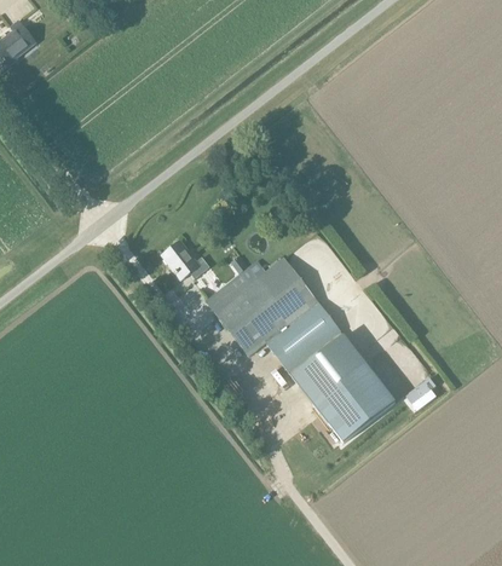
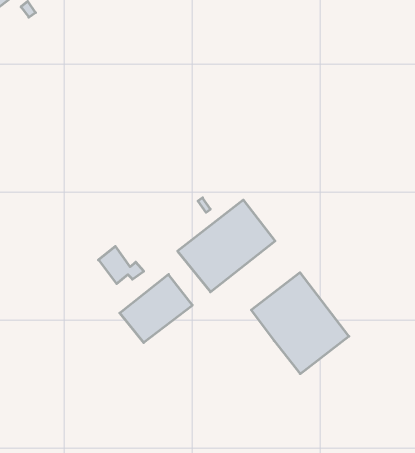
building: [161,238,209,278] -> [98,246,144,284]
building: [266,301,344,374] -> [120,274,192,343]

